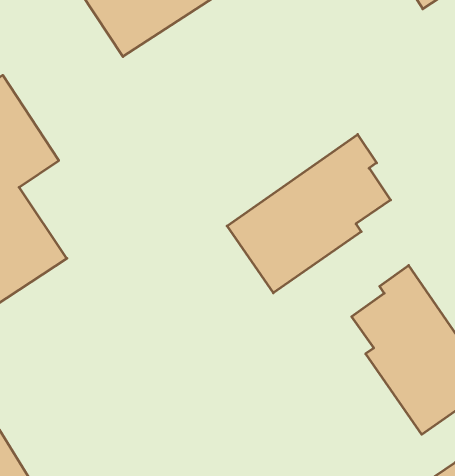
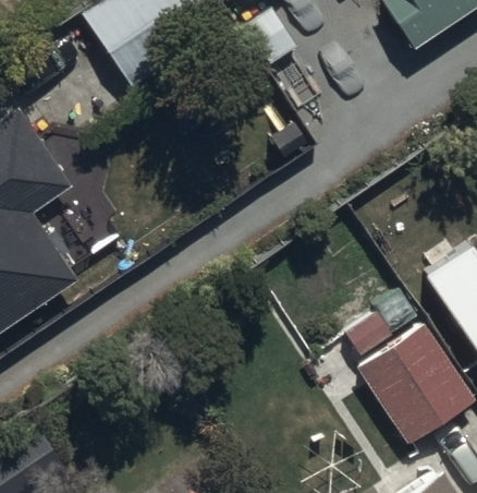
building: [227,134,391,293] -> none

